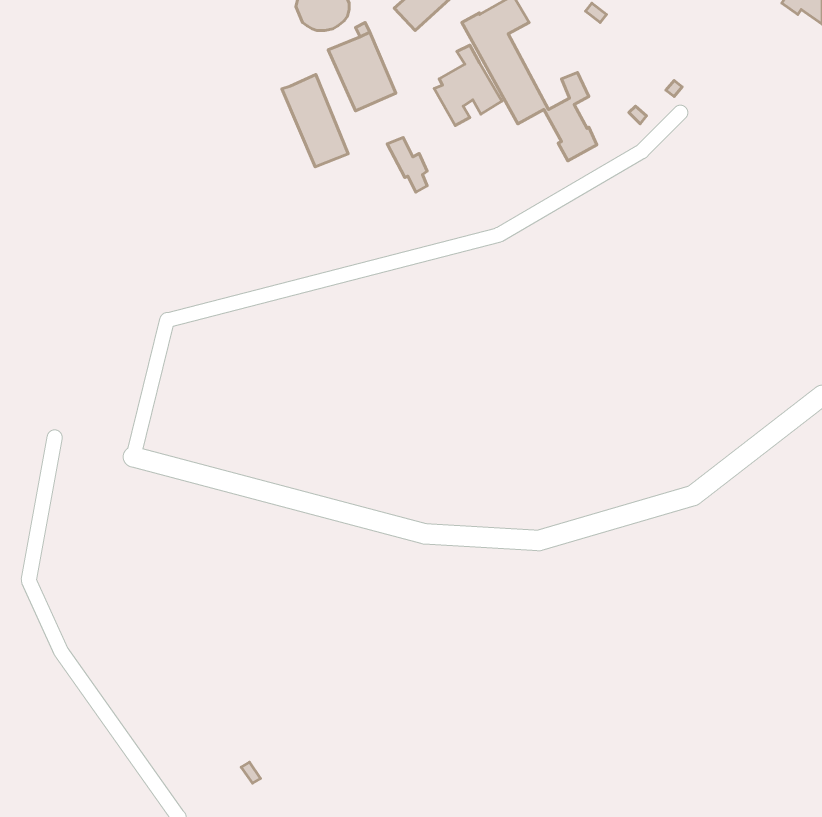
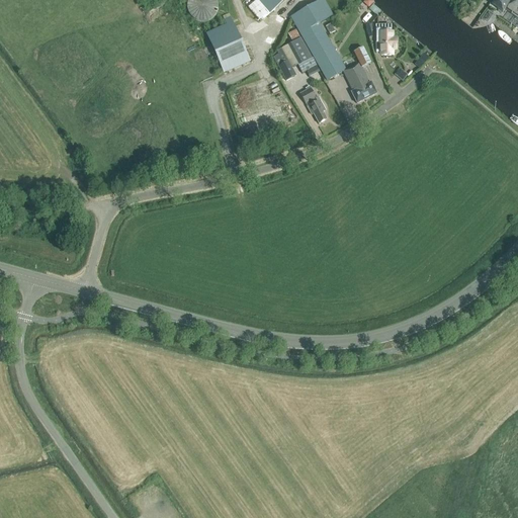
building: none -> [376,22,396,53]
building: [282,75,348,167] -> none
building: [387,137,427,192] -> [300,88,326,122]

